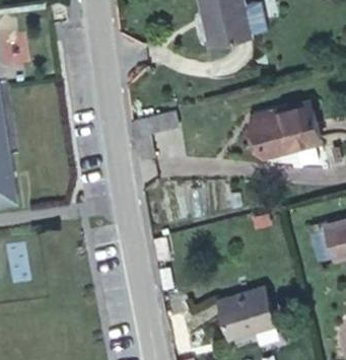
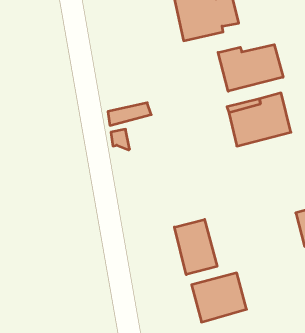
building: none -> [218,45,283,91]
building: none -> [174,219,217,275]

